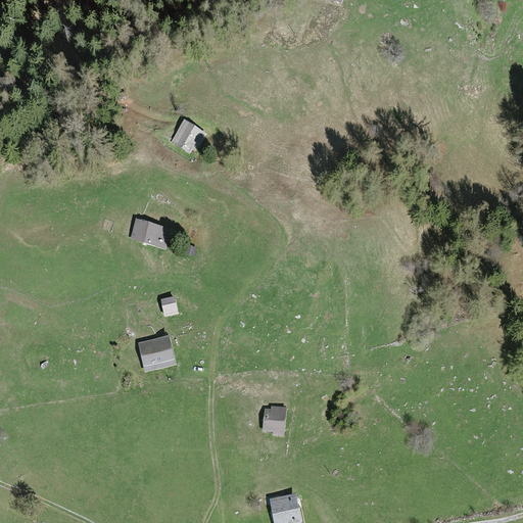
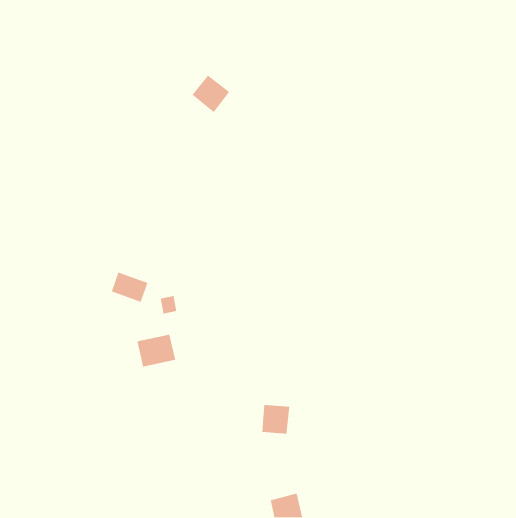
building: [167,118,205,157] -> [192,75,230,113]
building: [128,217,165,248] -> [111,271,148,303]

